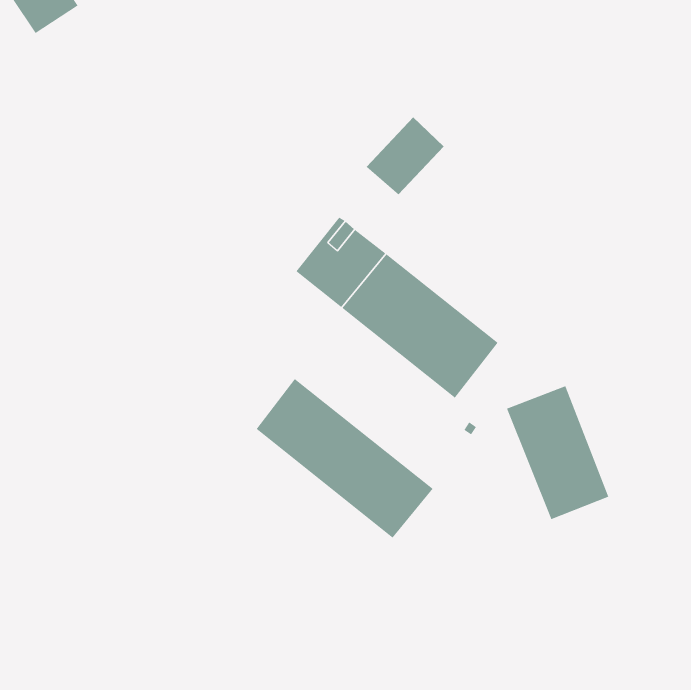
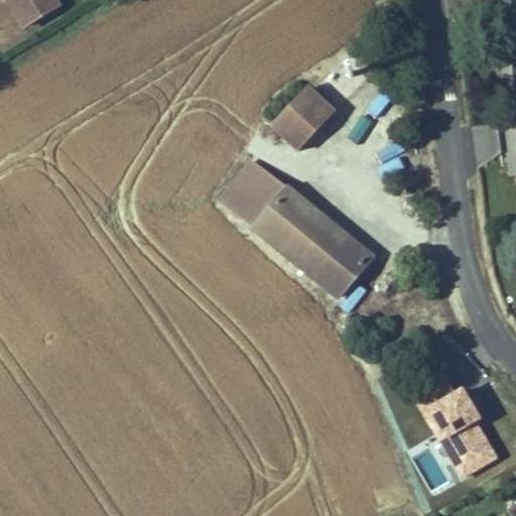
building: [256,378,433,538] -> none
building: [506,386,609,520] -> [423,378,500,478]

